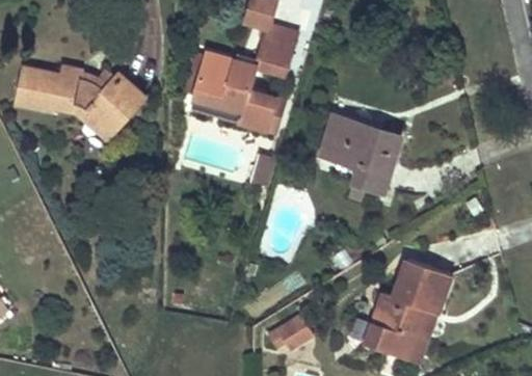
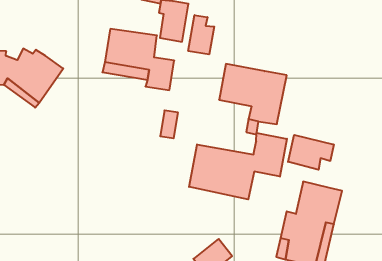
building: none -> [188,15,214,54]
building: none -> [189,133,287,199]
building: none -> [288,135,334,170]

